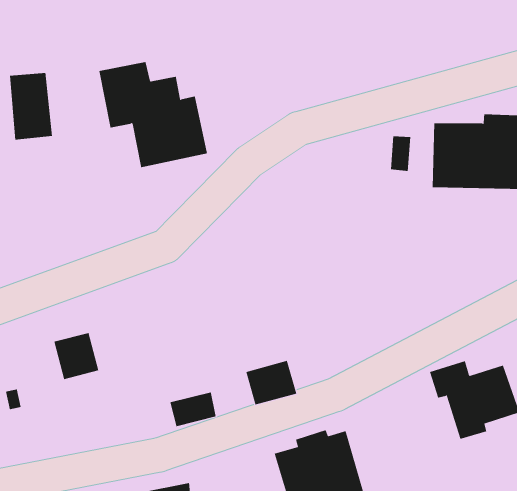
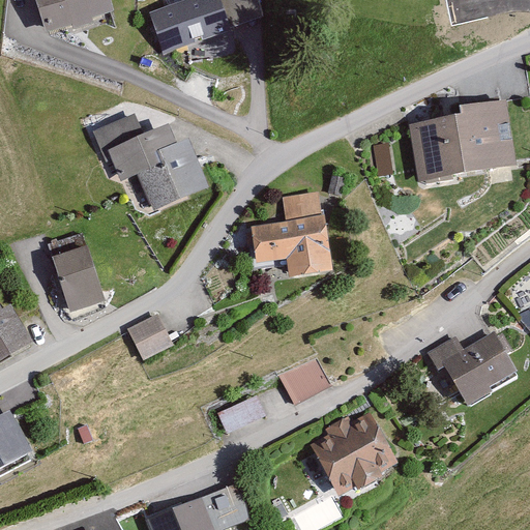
building: [9,72,53,140] -> [57,243,105,307]
building: none -> [253,194,329,279]
building: [54,332,99,380] -> [131,314,176,359]

